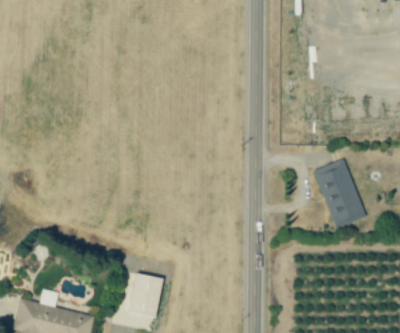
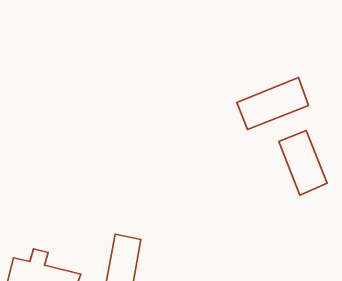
building: none -> [237,78,308,130]

